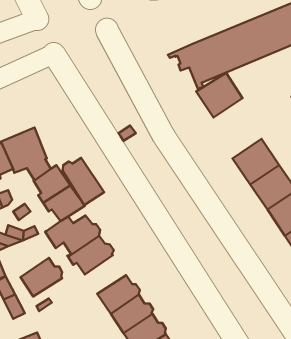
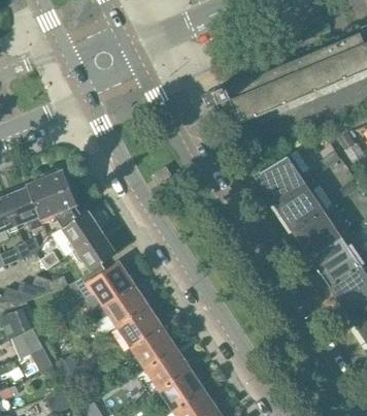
building: [196,73,243,117] -> [256,155,305,202]
building: [62,158,104,205] -> none
building: [21,258,62,296] -> [116,306,161,347]

